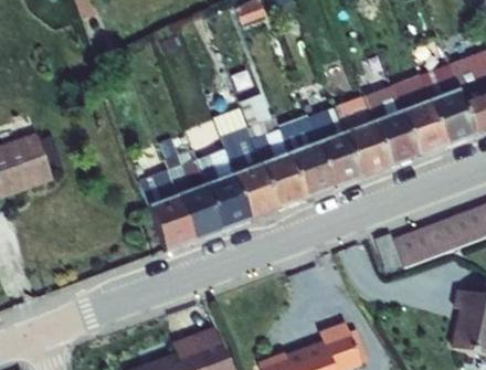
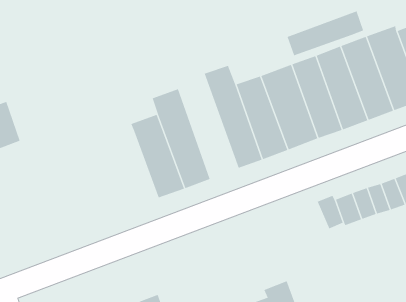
building: none -> [287,11,364,56]
building: [219,108,283,218] -> none
building: [146,168,200,249] -> none

